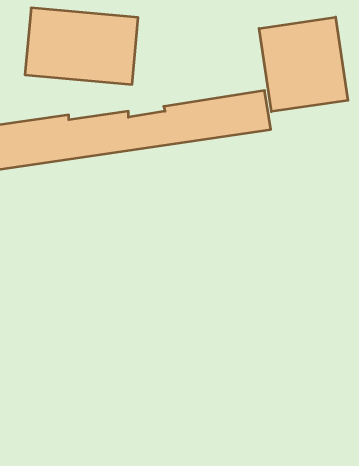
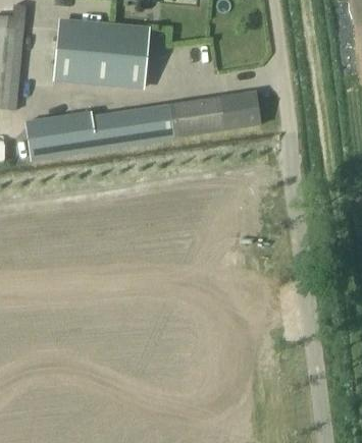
building: [259,17,348,112] -> none

